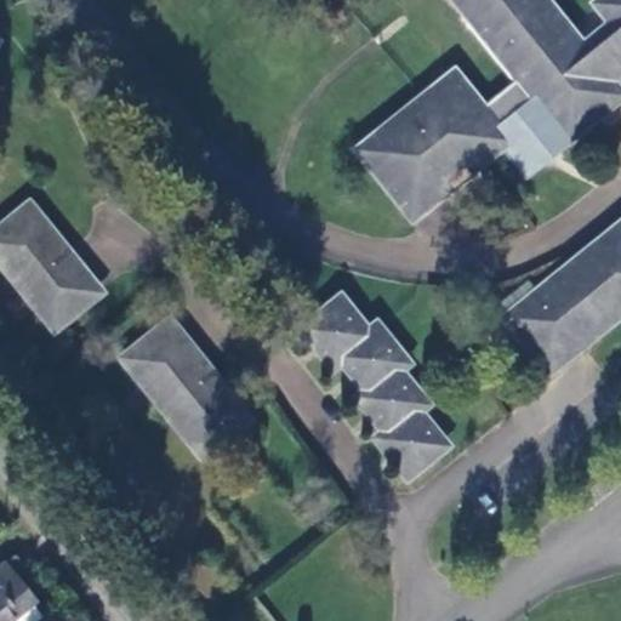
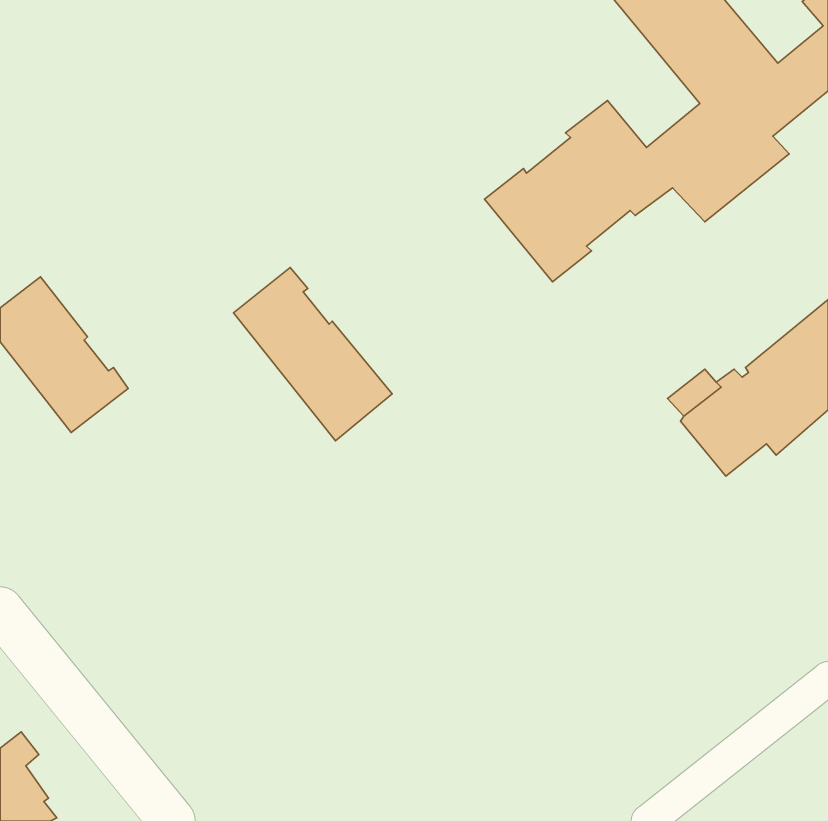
building: [306,300,444,472] -> none
building: [126,323,245,452] -> [233,268,392,441]

